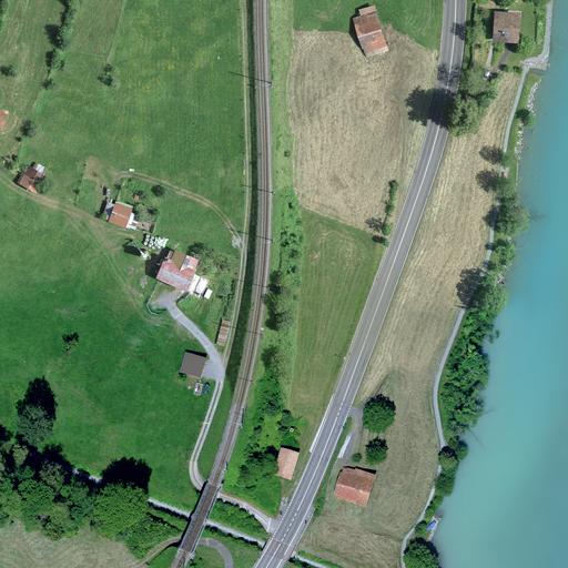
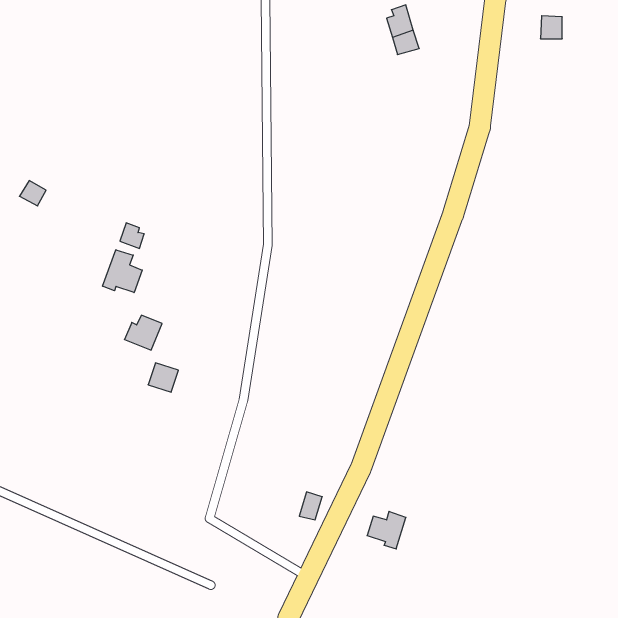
building: none -> [103,250,142,293]
building: [160,251,194,283] -> [124,315,162,350]
building: [179,352,206,378] -> [148,363,178,392]

